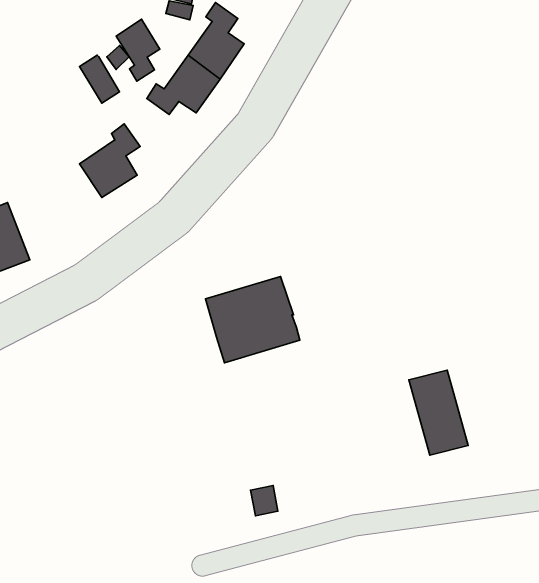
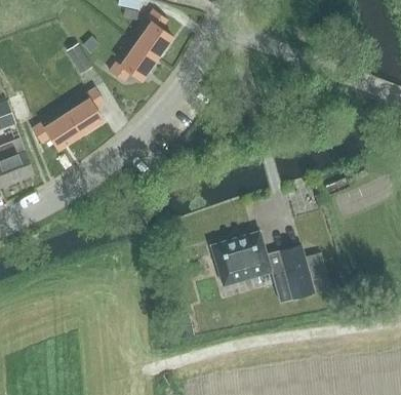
building: [116,19,160,81] -> none
building: none -> [32,113,80,149]
building: [205,276,300,363] -> [210,231,271,286]

